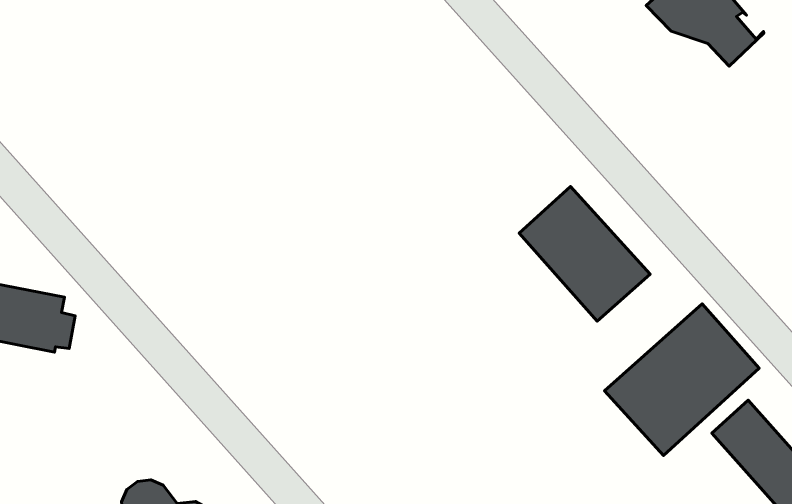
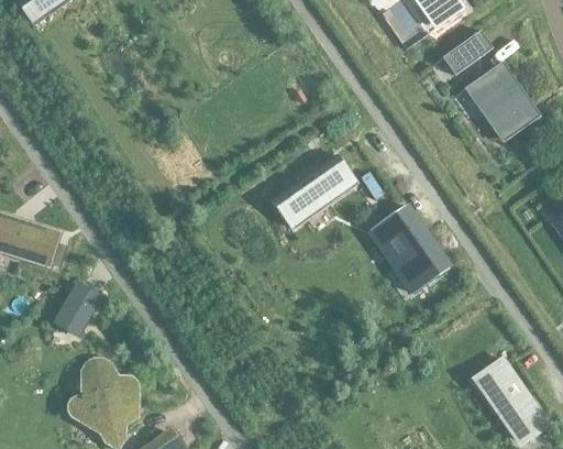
building: none -> [273,156,356,227]
building: [604,304,759,455] -> none
building: none -> [60,276,104,328]

